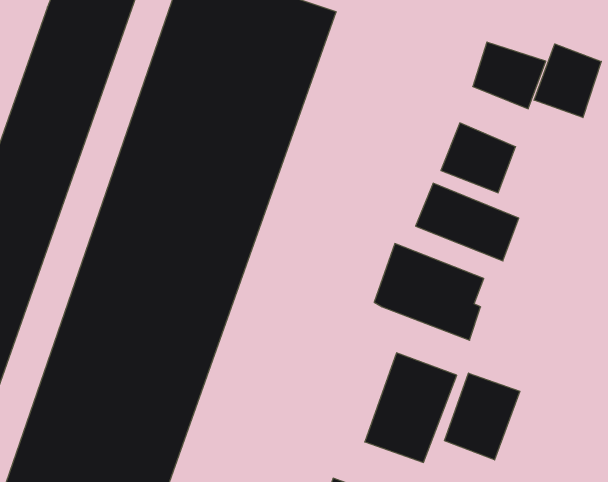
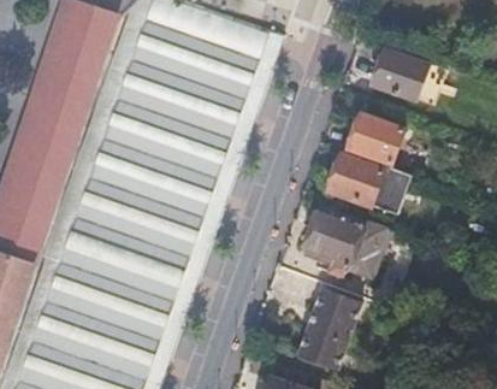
building: [534,44,601,118] -> none
building: [444,373,520,460] -> none

